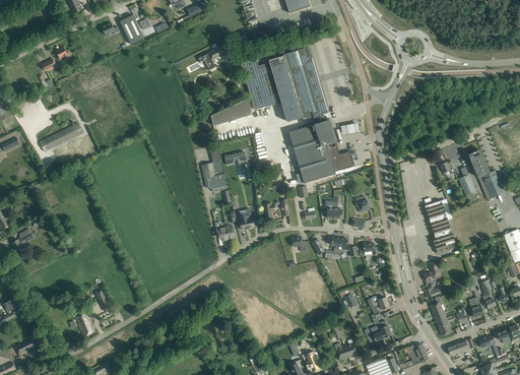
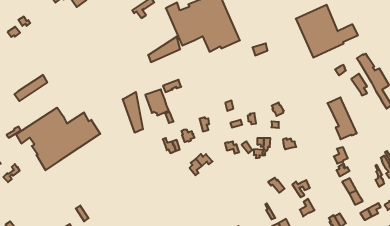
building: [290,121,365,184] -> [296,5,358,58]
building: none -> [123,92,143,133]
building: none -> [16,108,100,170]

